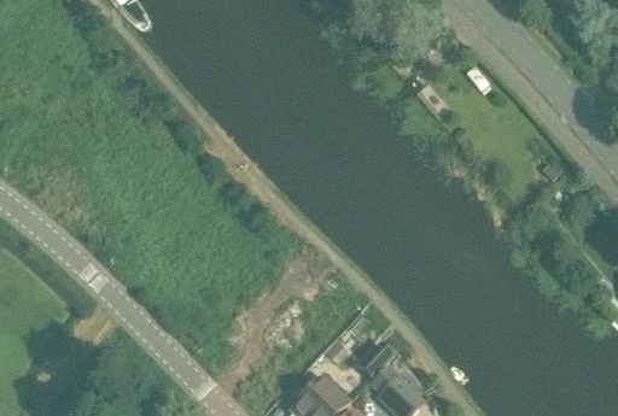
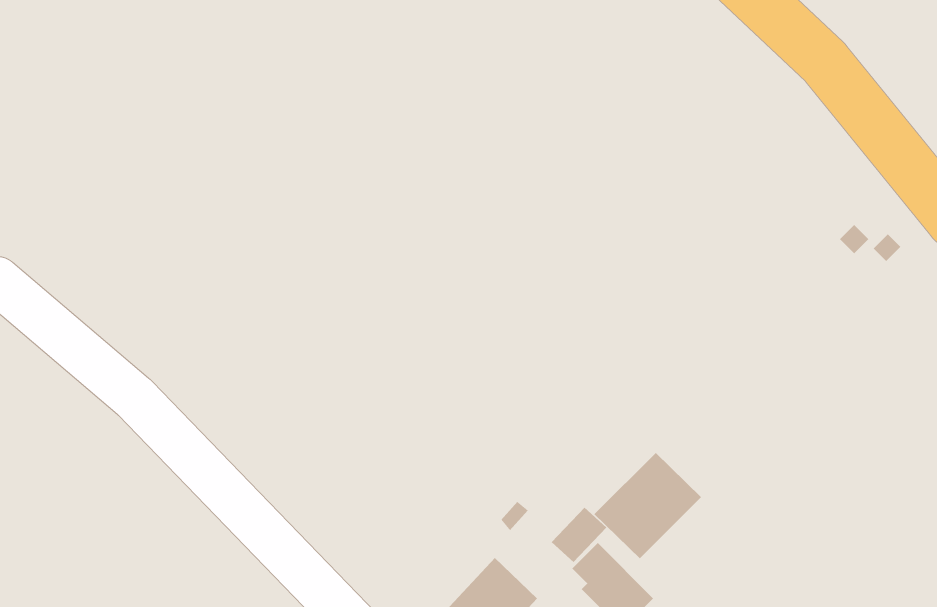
building: none -> [594,452,702,559]

